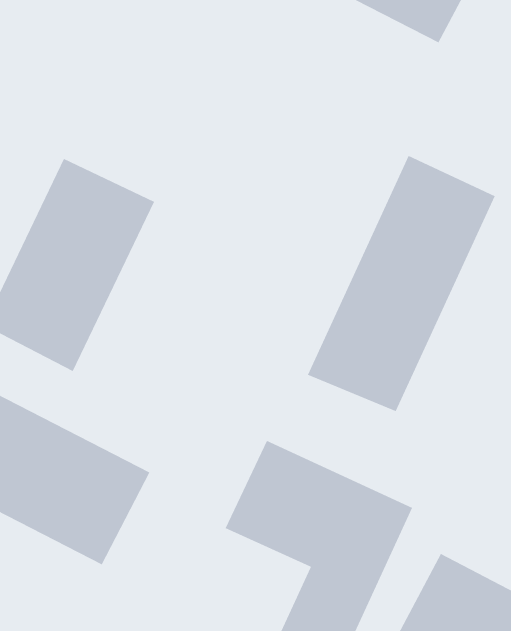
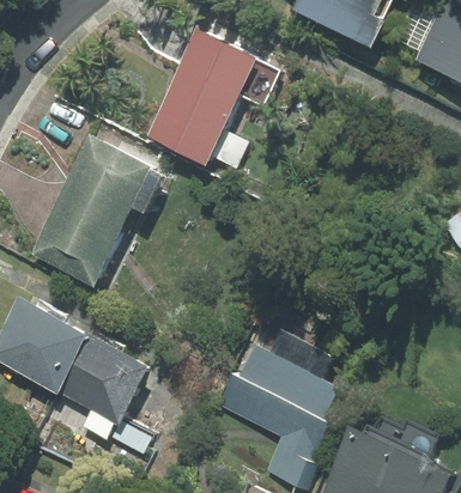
building: none -> [146,25,260,165]
building: [307,155,496,412] -> none

